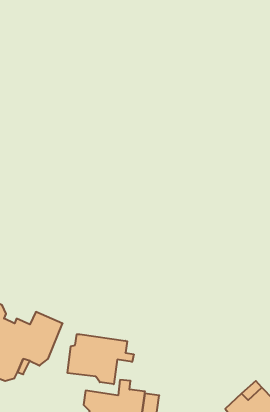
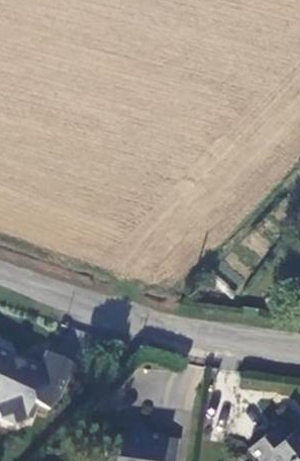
building: [68,334,134,384] -> none

